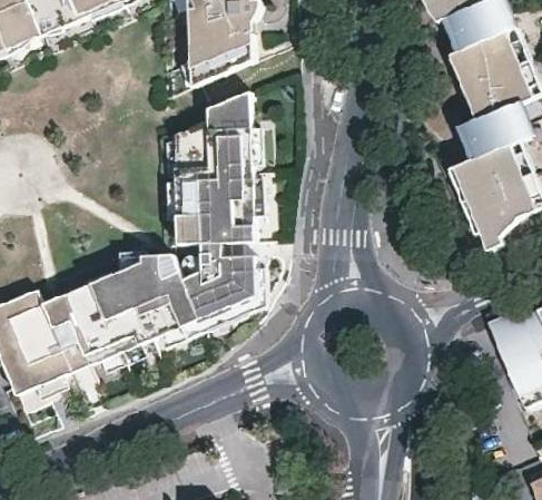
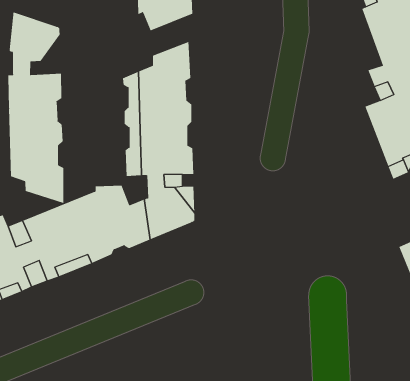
building: none -> [8,11,64,204]

